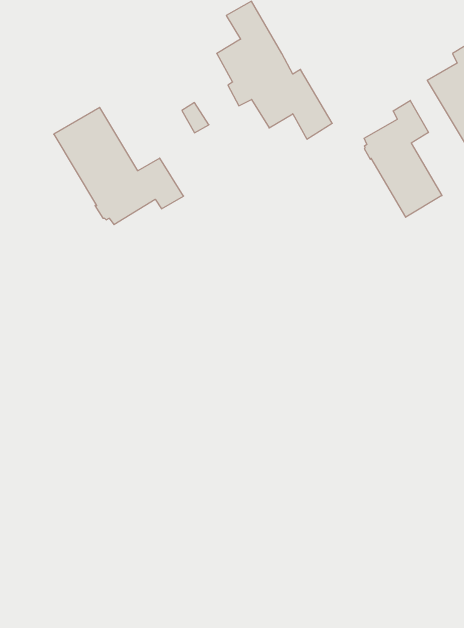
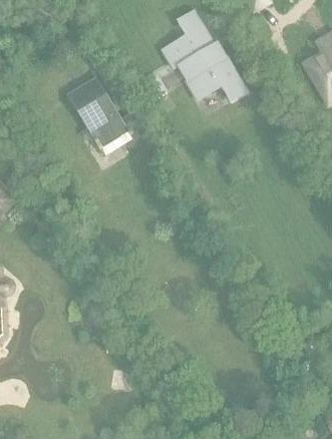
building: [364,100,442,217] -> none

